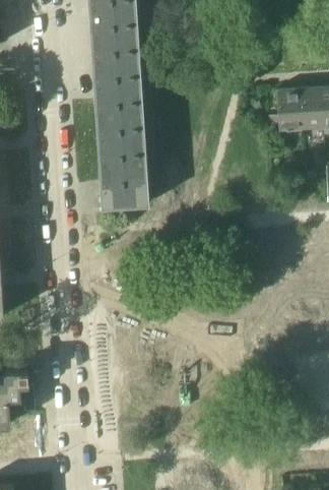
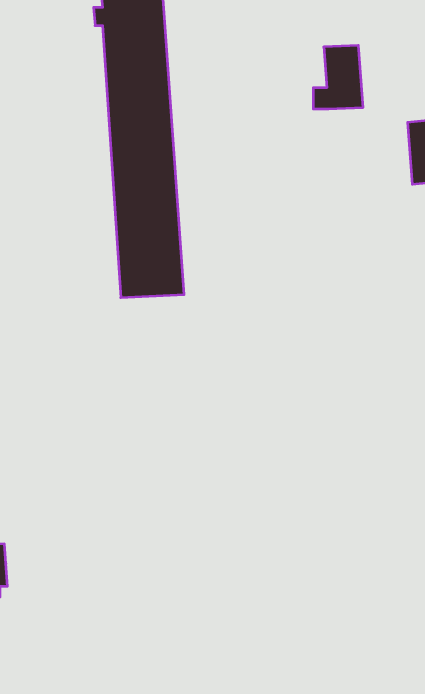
building: [268,88,302,131] -> [313,45,363,109]

